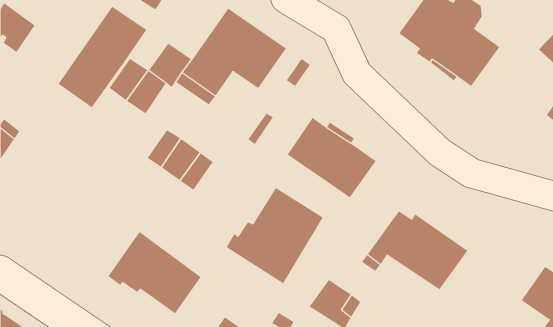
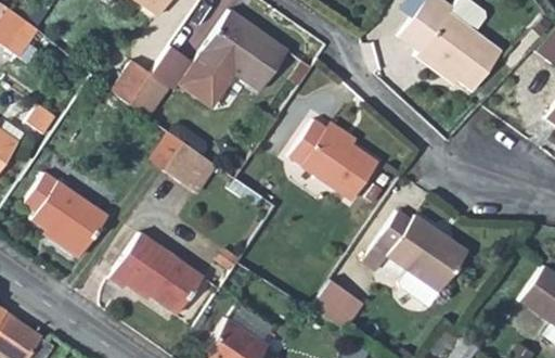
building: [58,6,147,108] -> none
building: none -> [26,172,109,256]
building: [226,187,323,284] -> none

